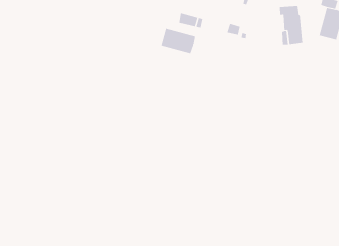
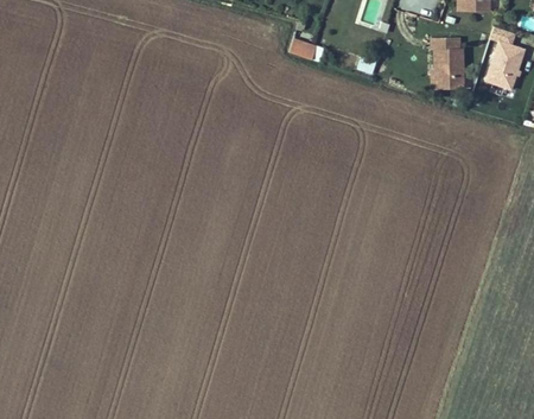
building: [161,28,196,54] -> none

